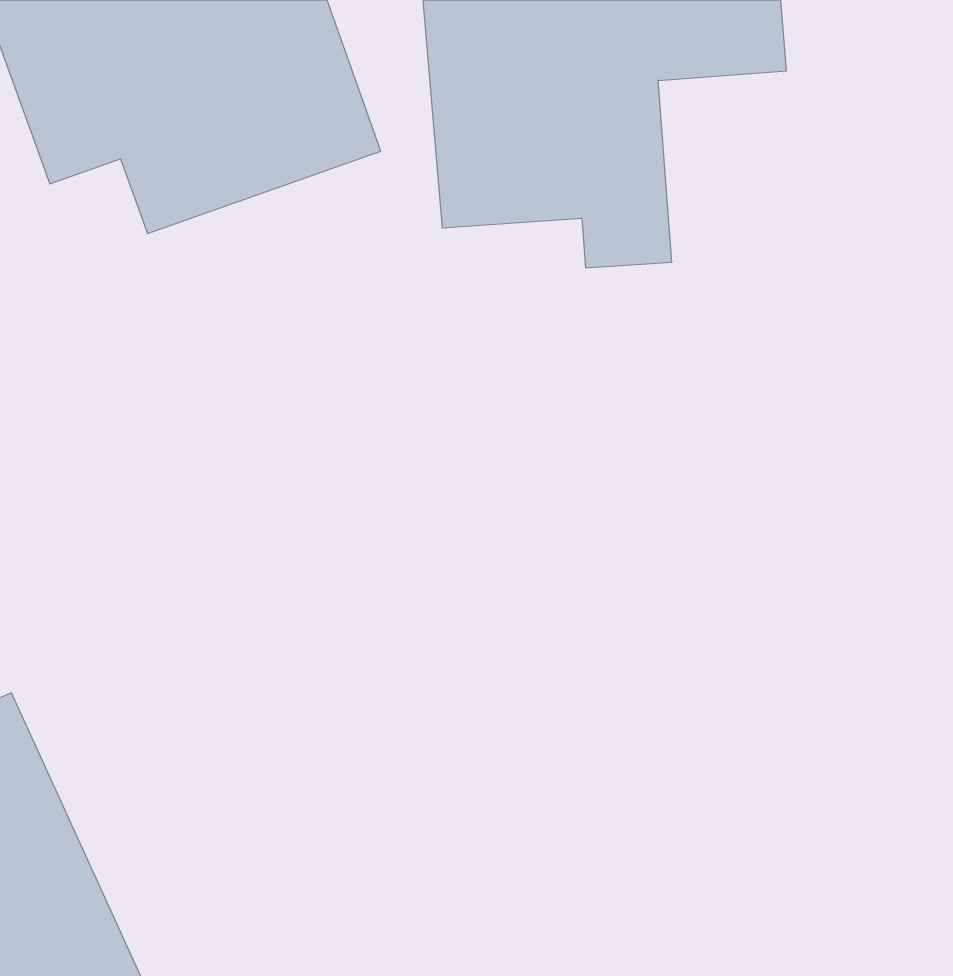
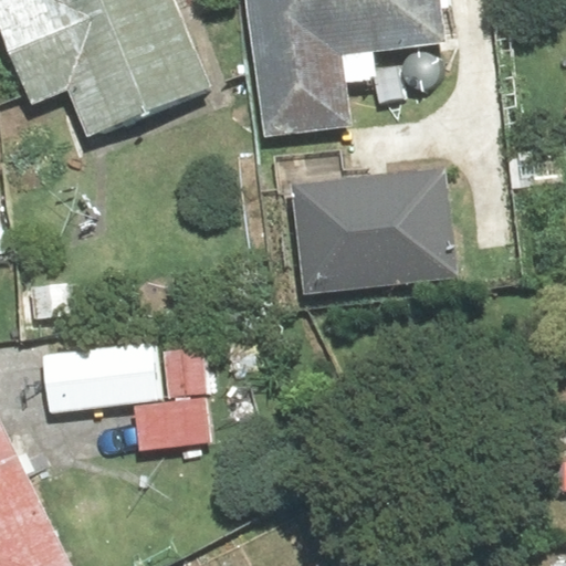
building: none -> [287,165,450,287]
building: none -> [35,333,216,449]

